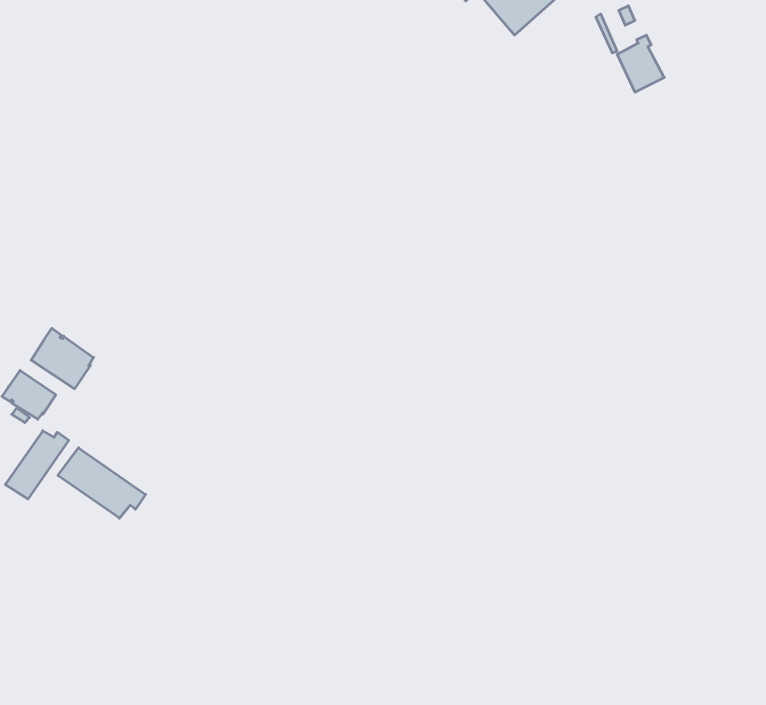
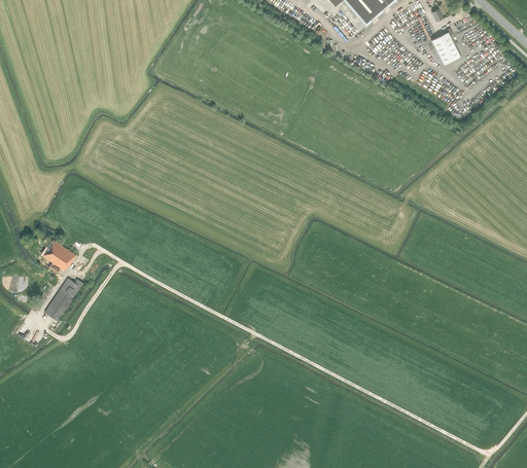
building: [31,328,94,389] -> none
building: [58,448,146,518] -> none

